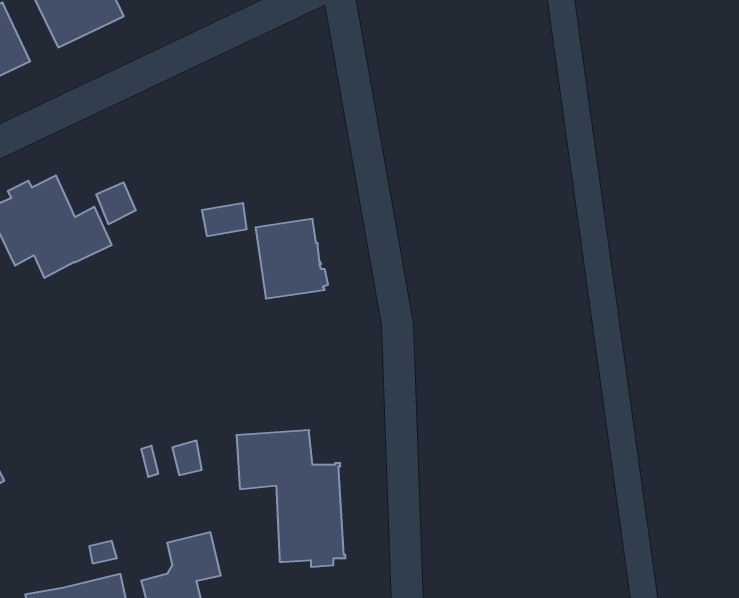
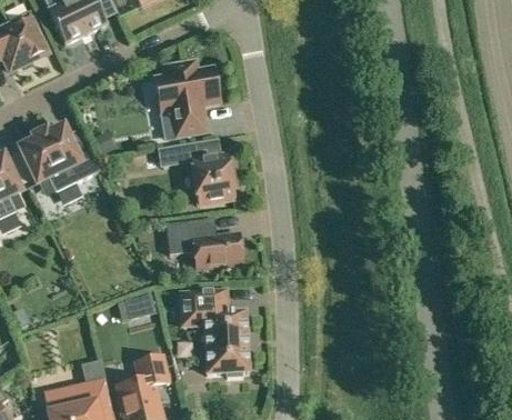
building: none -> [154,60,219,134]
building: none -> [165,218,242,268]

